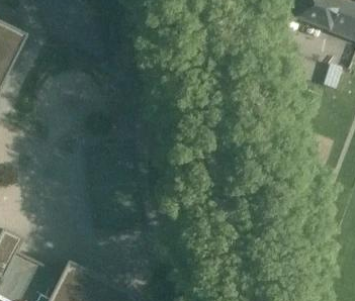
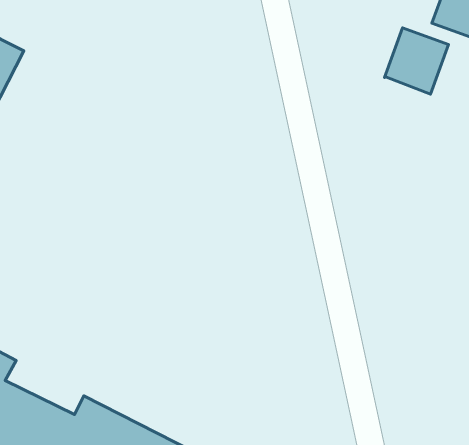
building: none -> [385,28,448,94]

